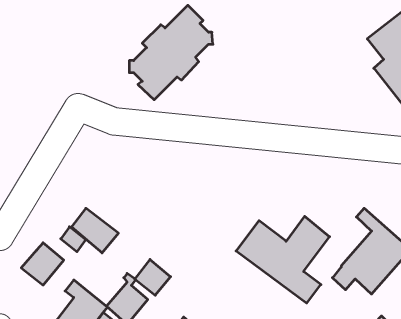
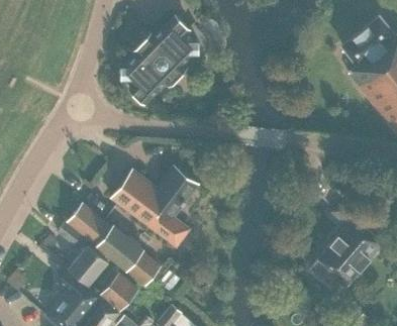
building: [236,216,330,303] -> [111,166,198,246]
building: none -> [96,227,140,269]
building: [21,243,64,285] -> [69,245,108,285]

